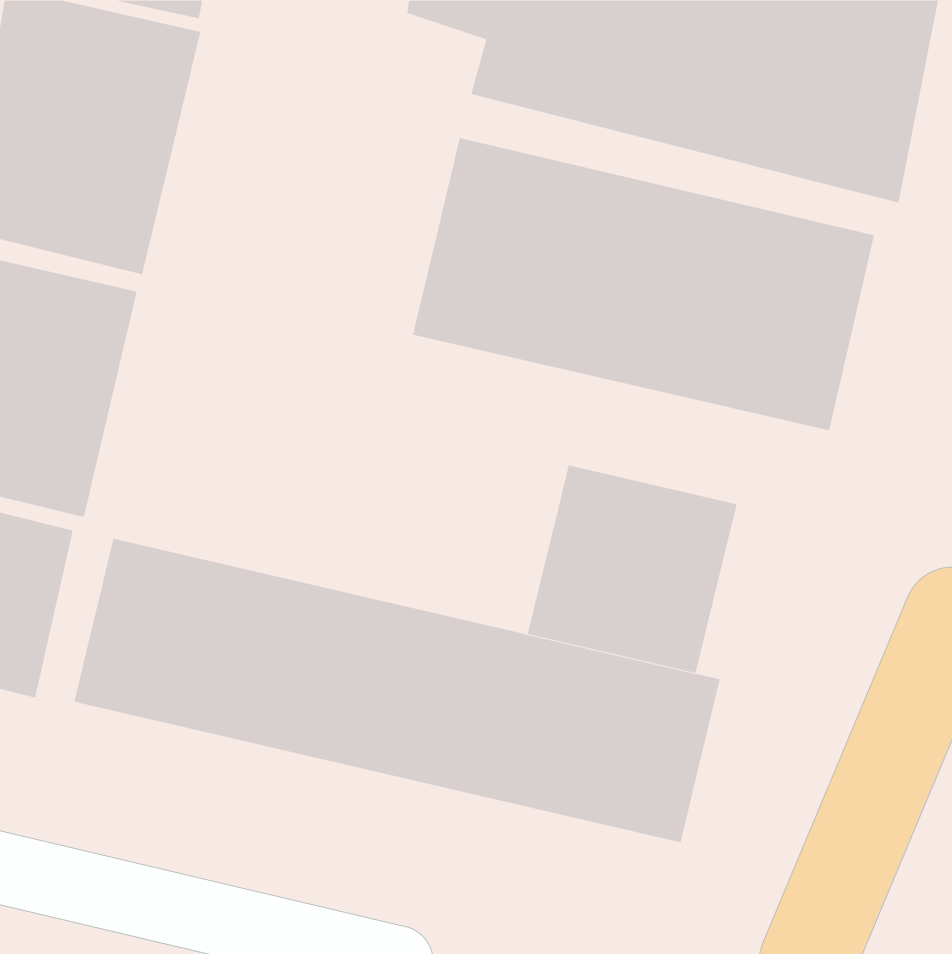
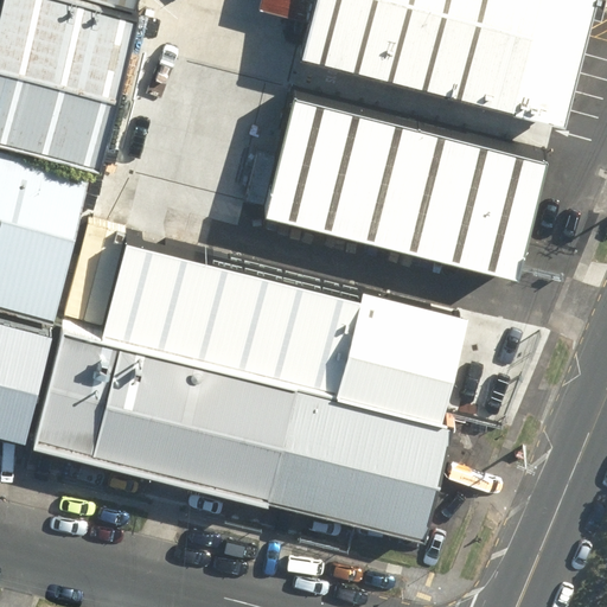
building: none -> [94,224,357,392]

